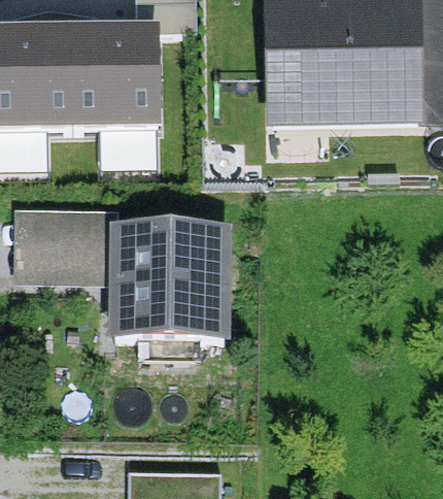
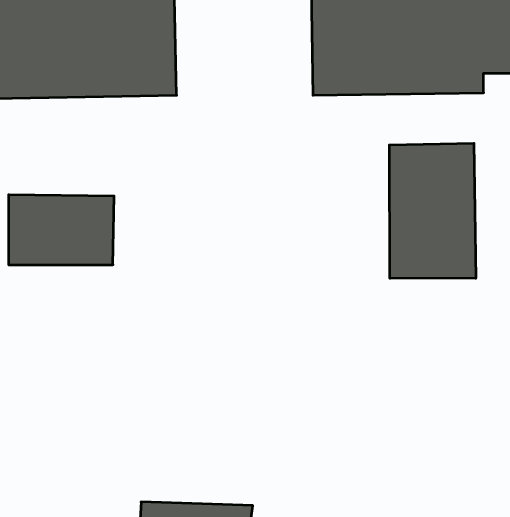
building: none -> [389,143,476,278]
building: [115,232,222,336] -> none

